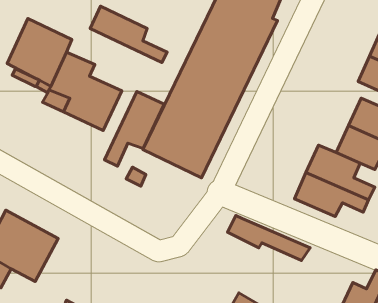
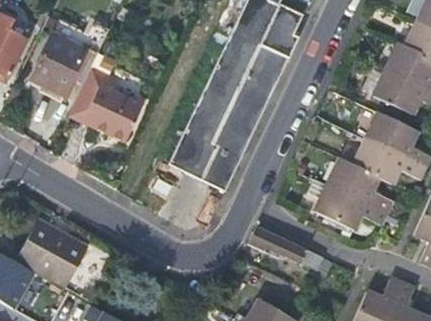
building: [90,6,167,62] -> none
building: [105,91,164,166] -> none

